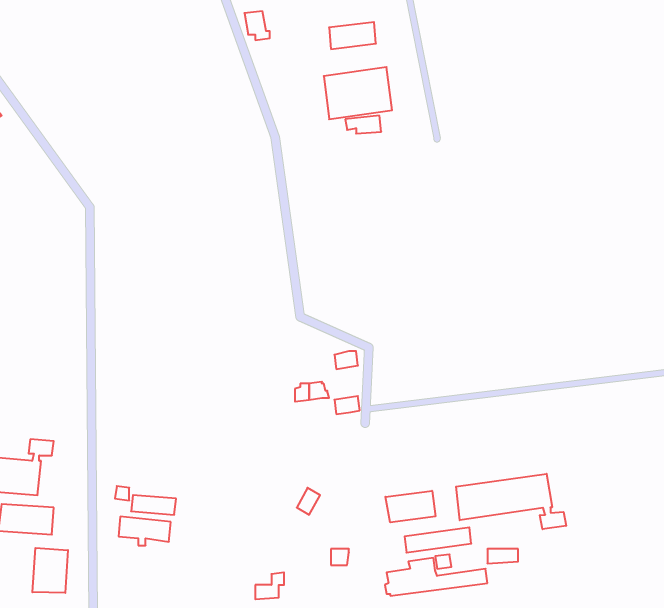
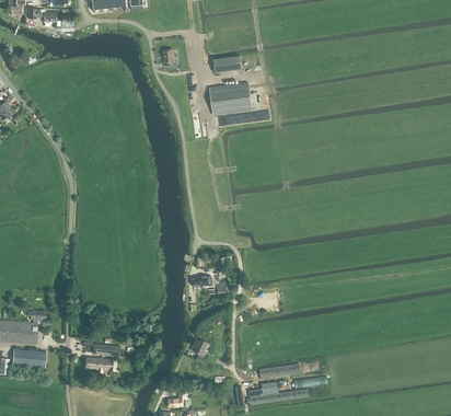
building: [456,474,566,529] -> none
building: [385,491,435,522] -> none
building: [32,548,68,593] -> none

